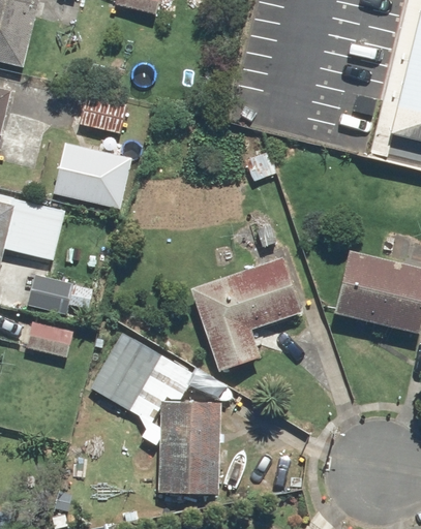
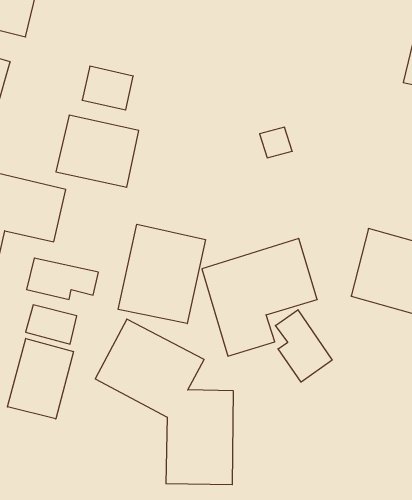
building: none -> [118,224,205,324]
building: none -> [275,310,332,382]
building: none -> [7,338,74,419]

